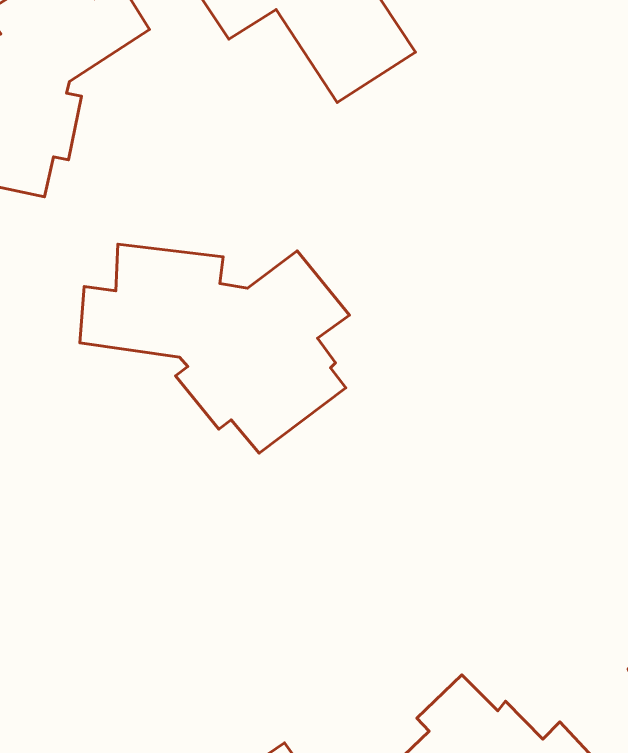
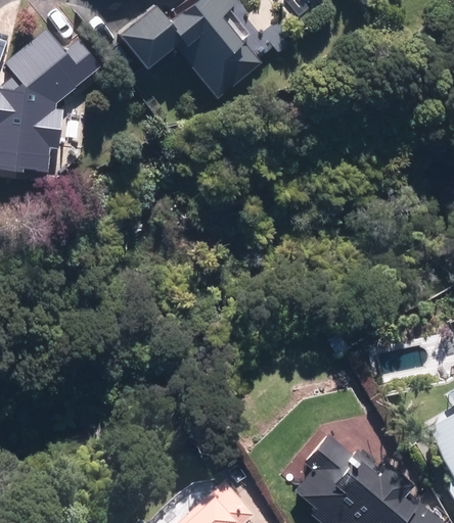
building: [80,244,350,453] -> none

